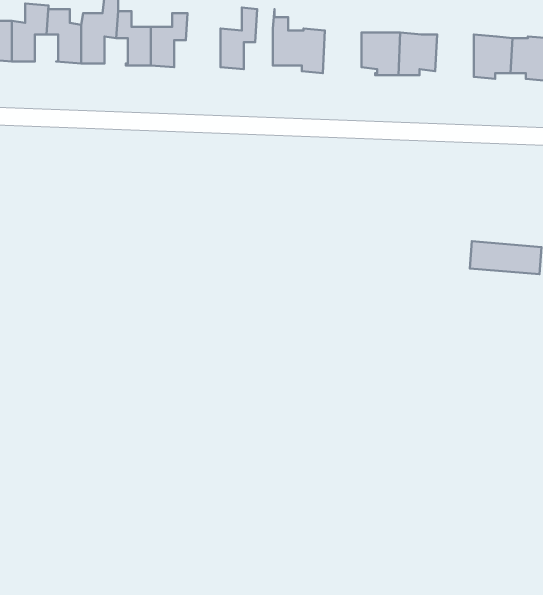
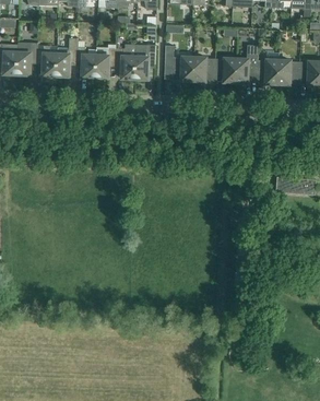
building: none -> [115,47,134,78]
building: none -> [192,57,214,81]
building: none -> [256,59,277,83]

